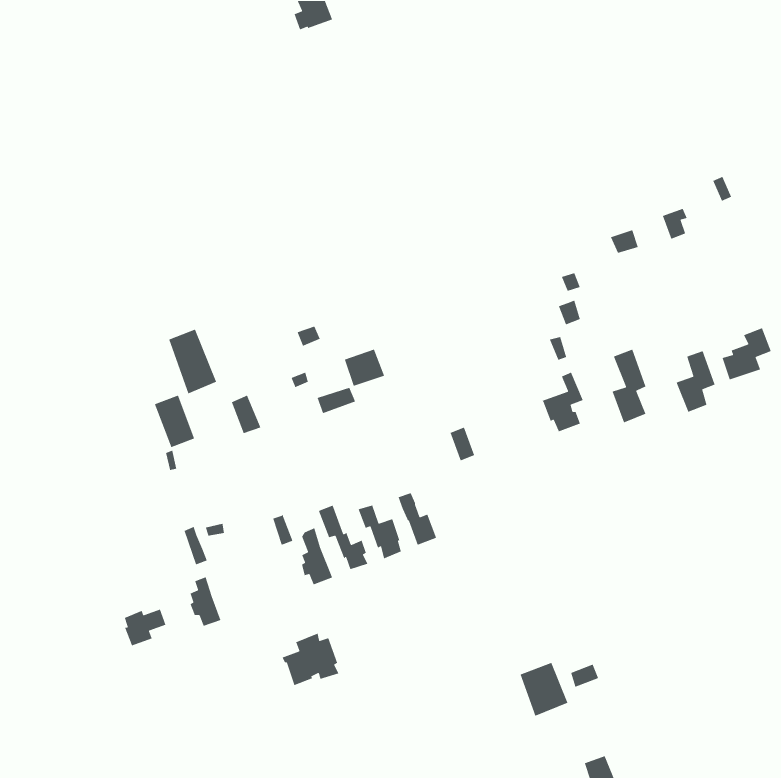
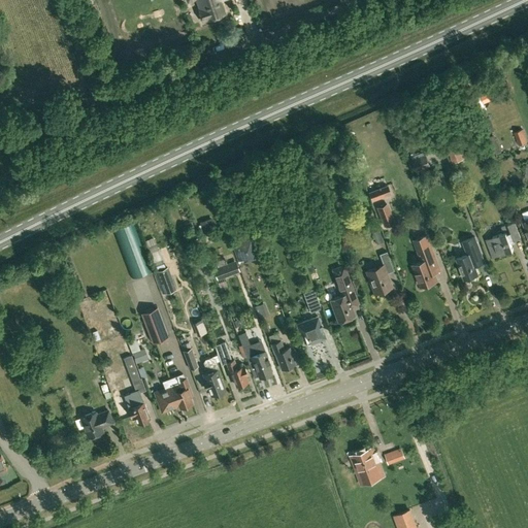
building: none -> [331,266,358,322]
building: [154,395,195,448] -> [141,308,169,344]
building: none -> [296,318,326,345]
building: [282,633,340,686] -> [154,376,193,412]

